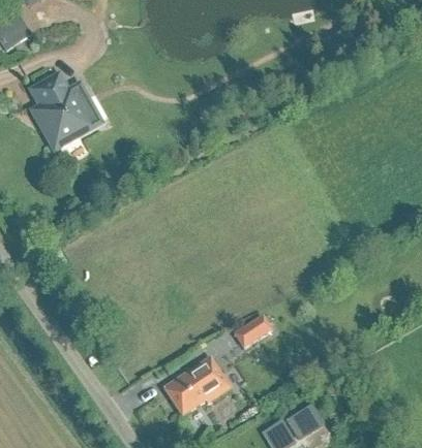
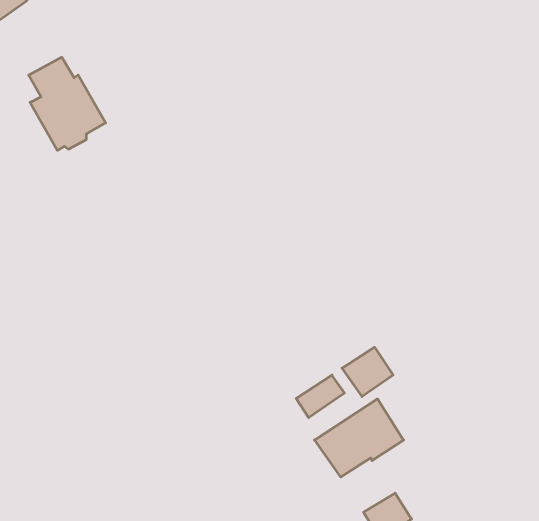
building: none -> [342,347,393,397]
building: [162,356,230,415] -> [314,399,404,477]

